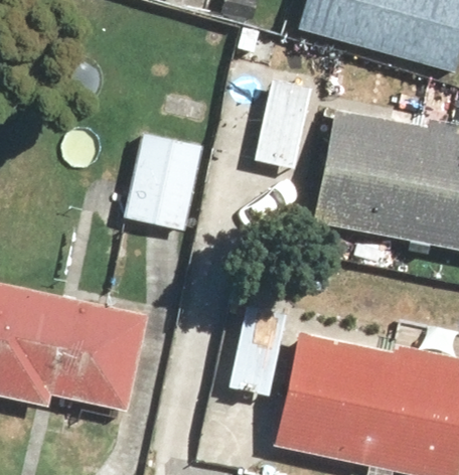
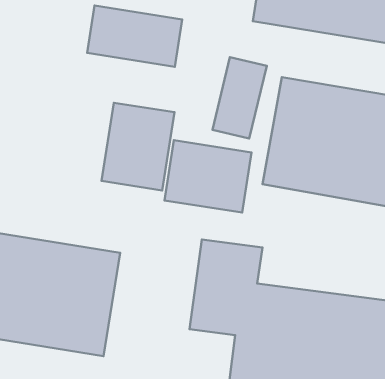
building: none -> [87,6,182,67]
building: none -> [164,140,251,212]

